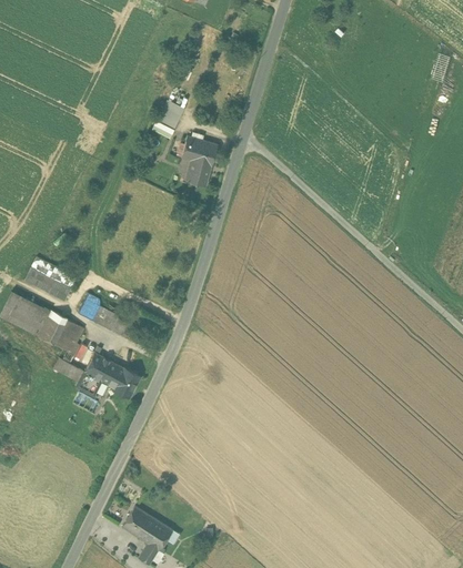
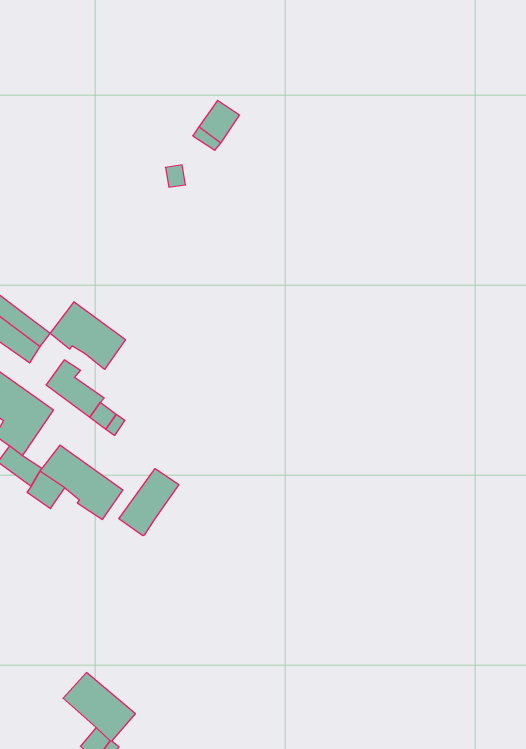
building: [182,136,219,186] -> none
building: none -> [50,302,125,369]
building: none -> [119,469,179,536]

